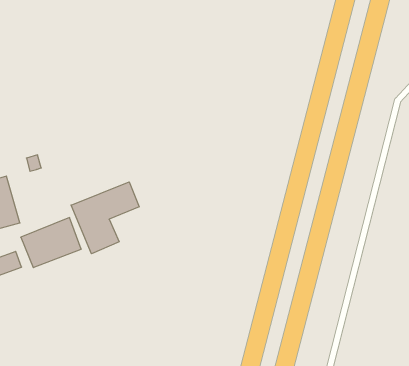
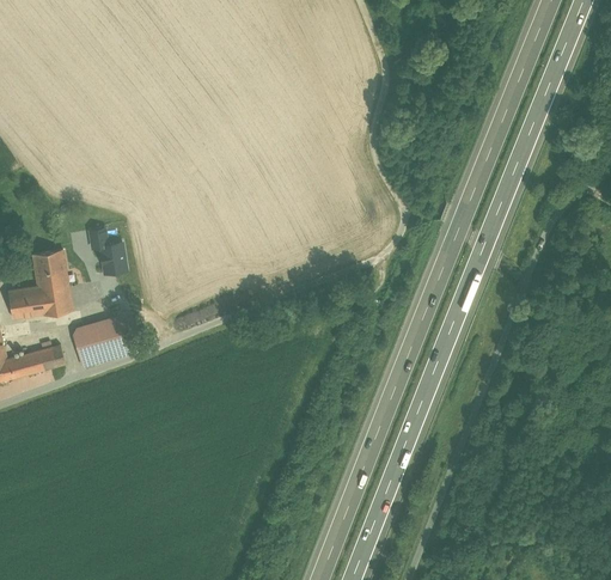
building: none -> [99,244,124,275]
building: [71,182,139,254] -> none

